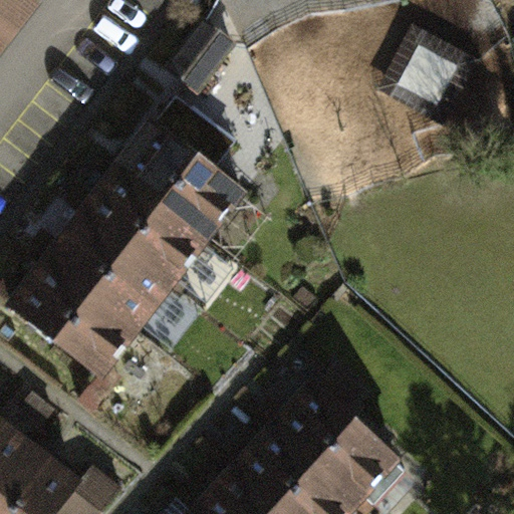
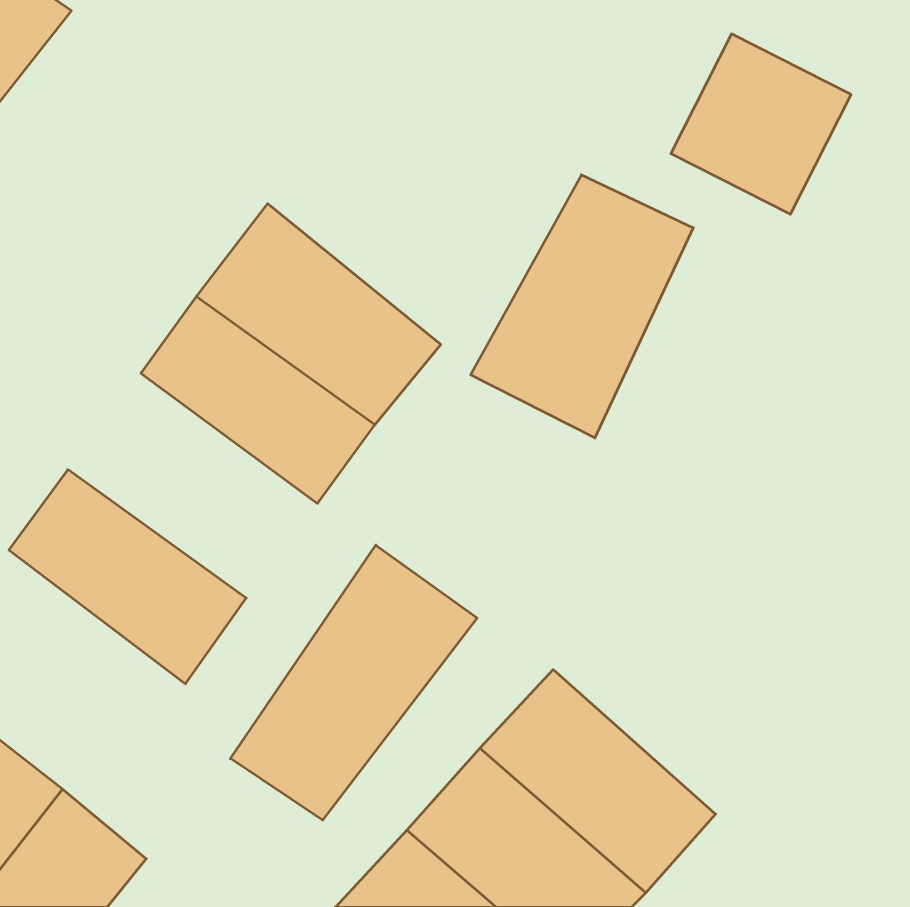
building: none -> [471,175,693,438]
building: [38,210,179,336] -> none
building: none -> [230,545,477,820]

